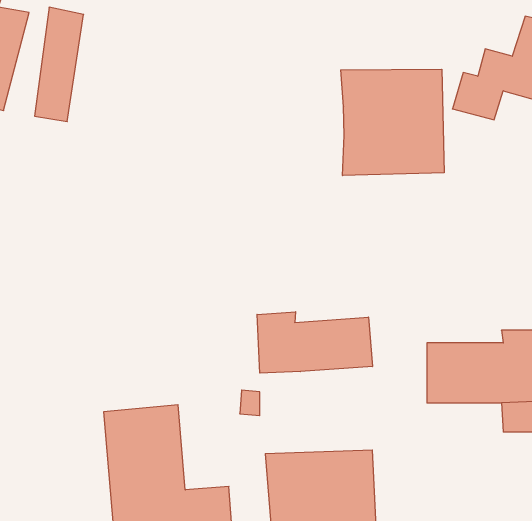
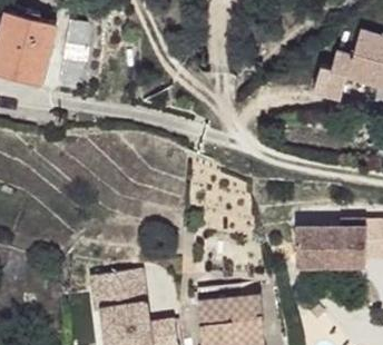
building: [341,69,444,176] -> none
building: [257,312,372,373] -> none

